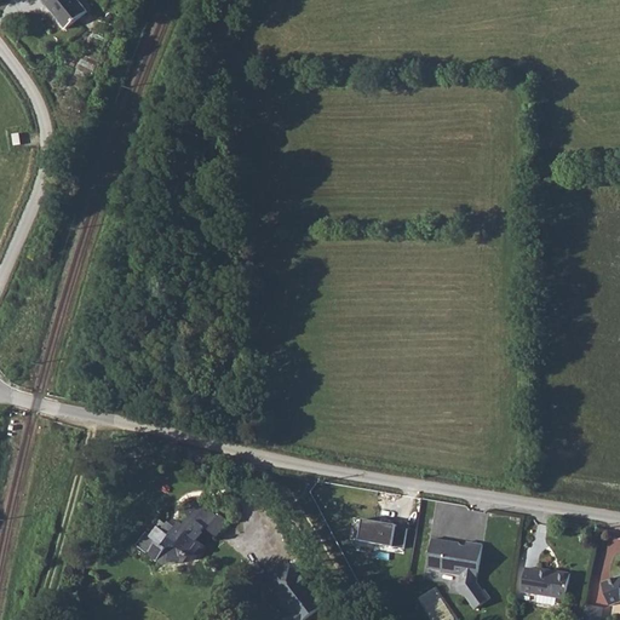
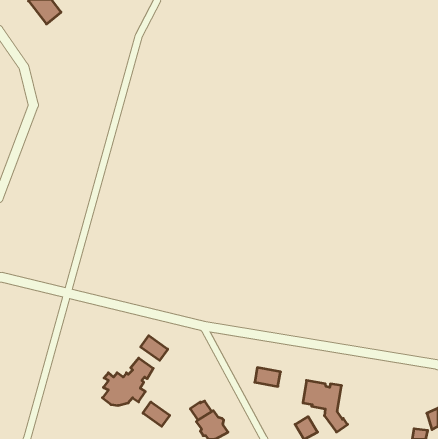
building: none -> [141,336,168,360]
building: none -> [143,402,170,426]
building: [521,567,569,598] -> none

